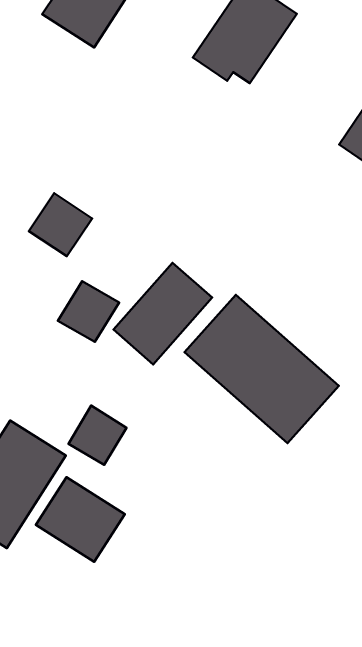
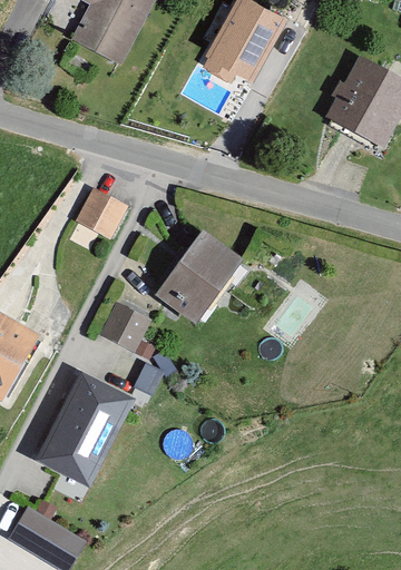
building: [58,281,119,342] -> [99,302,148,351]
building: [185,295,339,443] -> none
building: [36,477,125,562] -> none

